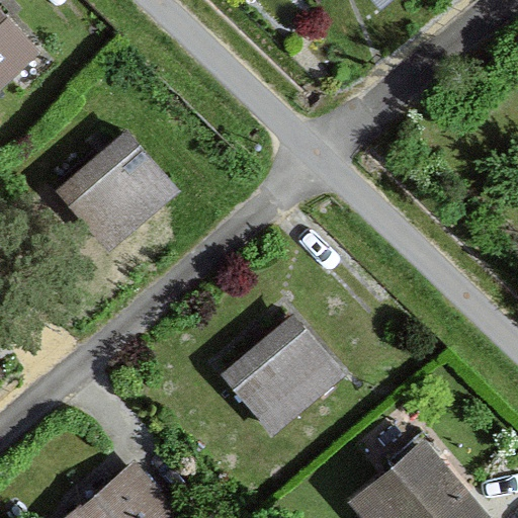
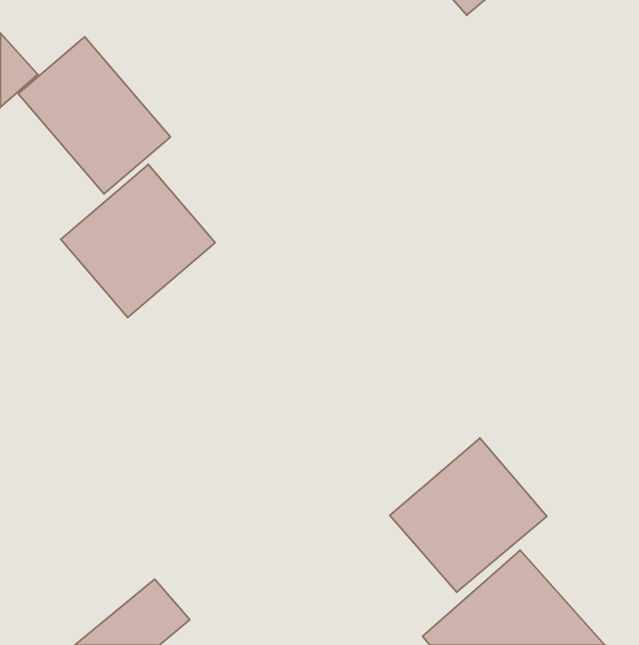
building: none -> [18,37,170,194]
building: [220,314,345,437] -> [390,438,547,592]

